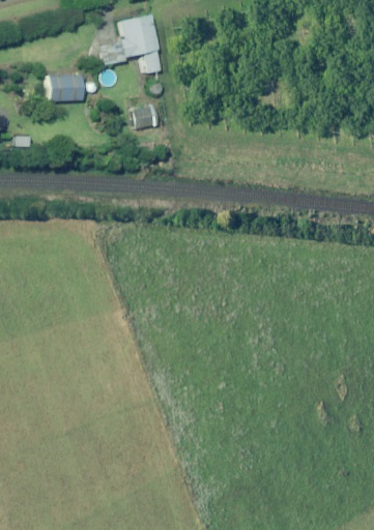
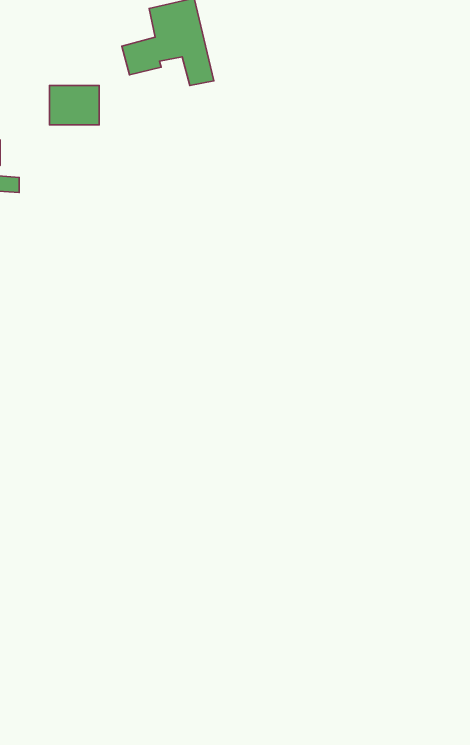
building: [134,102,157,128] -> none

